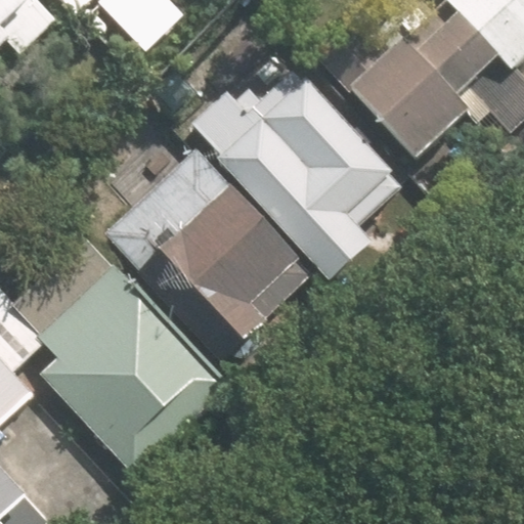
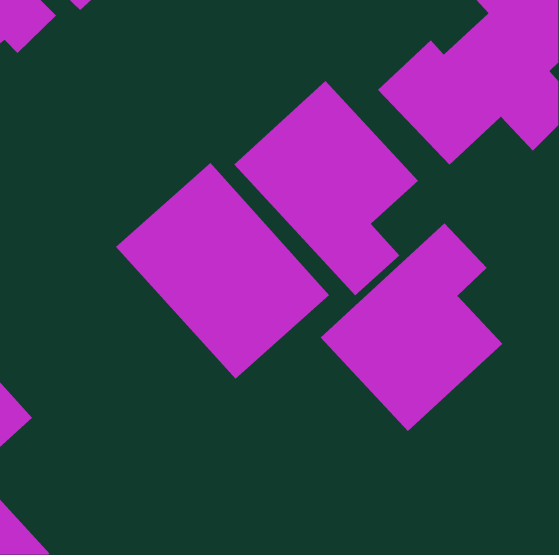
building: none -> [320,223,503,432]
building: [36,263,226,473] -> none

